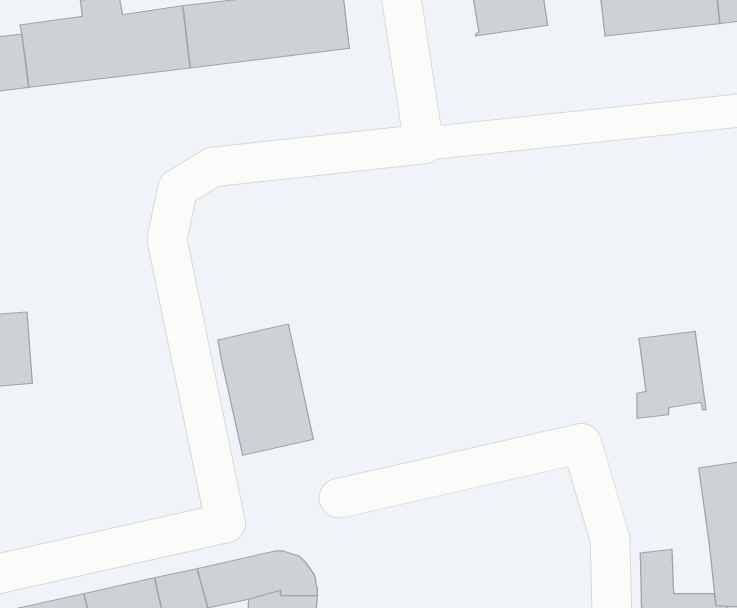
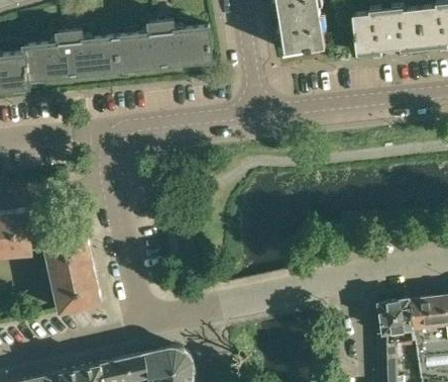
building: [218,324,313,455] -> [44,237,99,312]
building: [637,331,706,418] -> [376,300,416,350]

